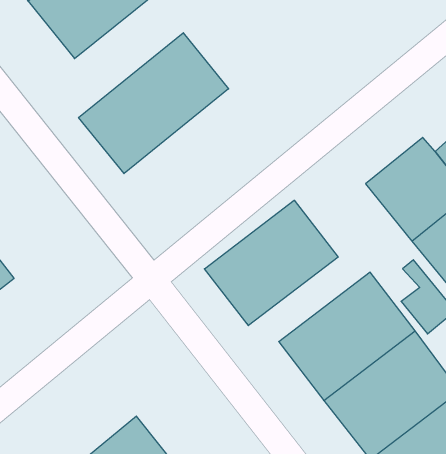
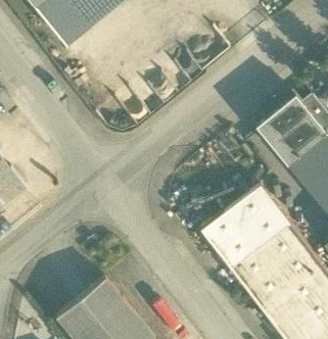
building: [79,33,229,174] -> none
building: [204,200,338,326] -> none

